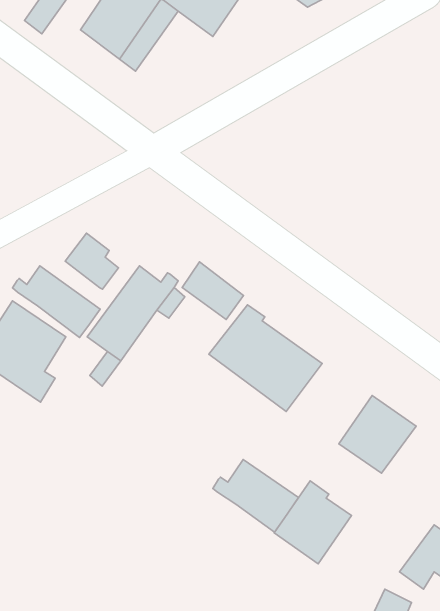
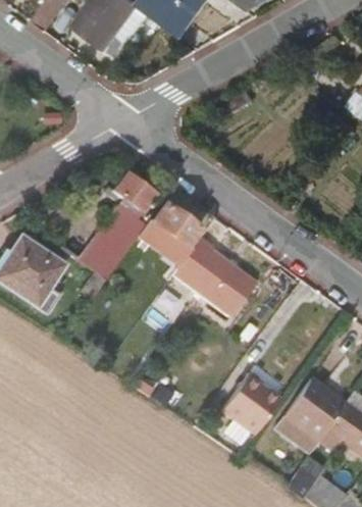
building: [65,233,119,289] -> [112,170,153,213]
building: [12,266,100,337] -> none
building: [339,396,416,473] -> [283,382,343,441]
building: [213,459,299,532] -> none

